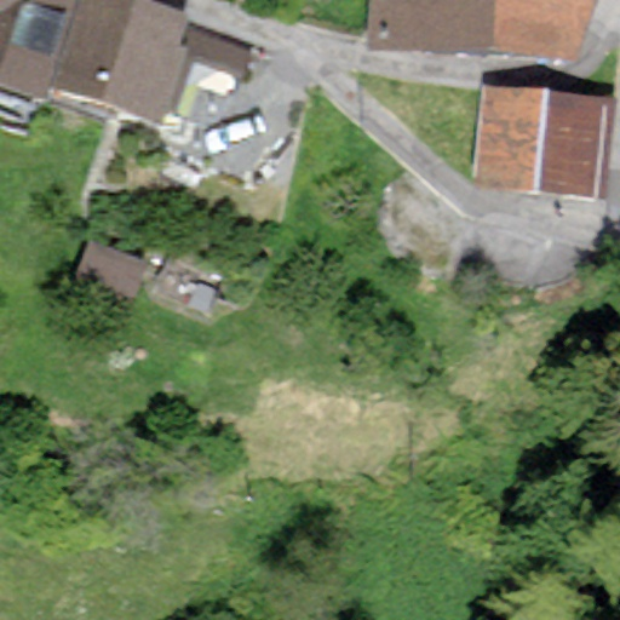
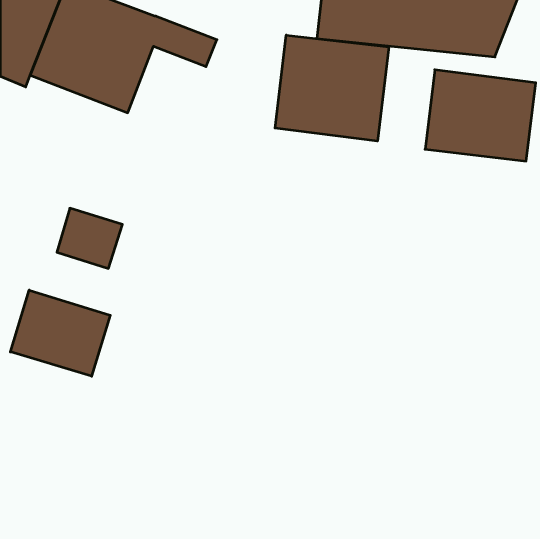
building: none -> [275,35,389,141]
building: none -> [10,290,110,376]

